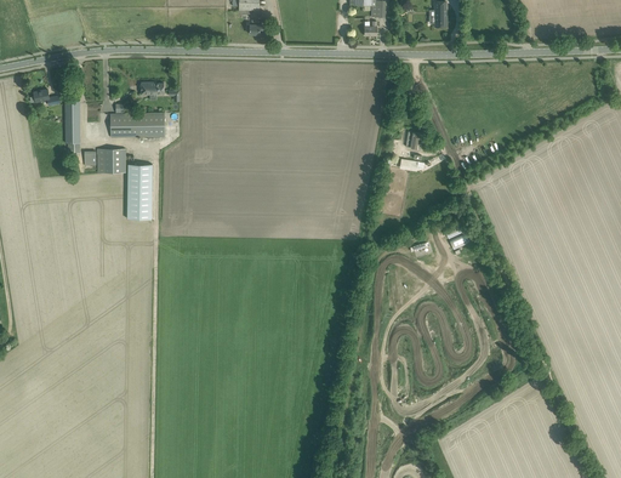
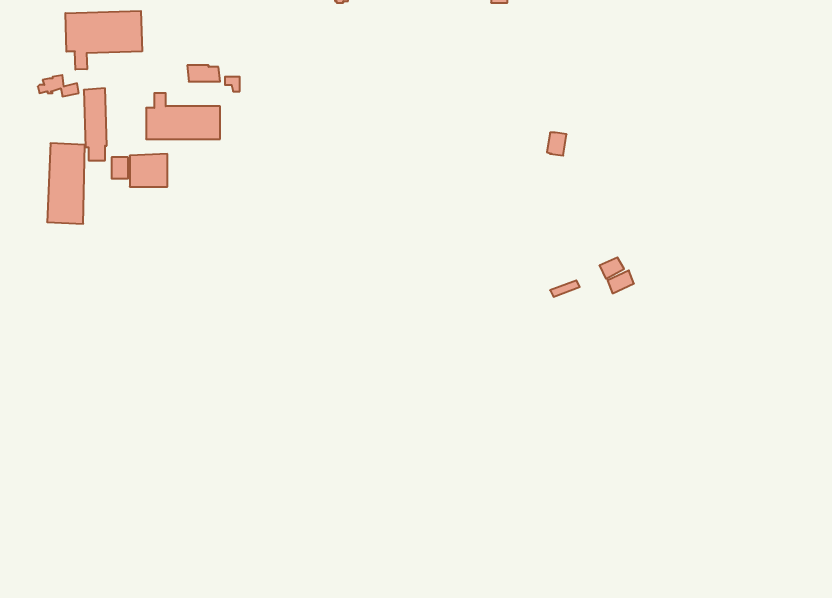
building: none -> [65,11,142,70]
building: [126,160,154,220] -> [47,143,85,224]

